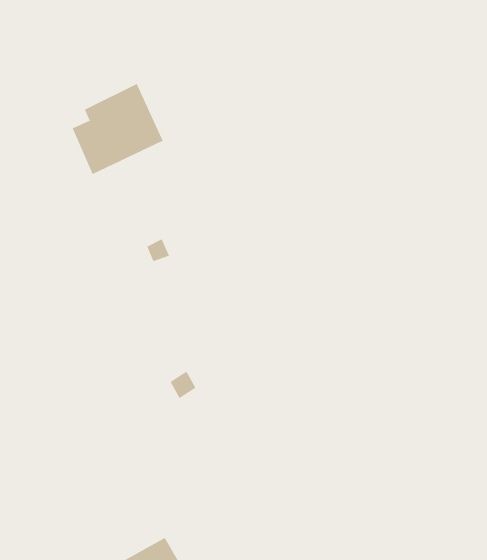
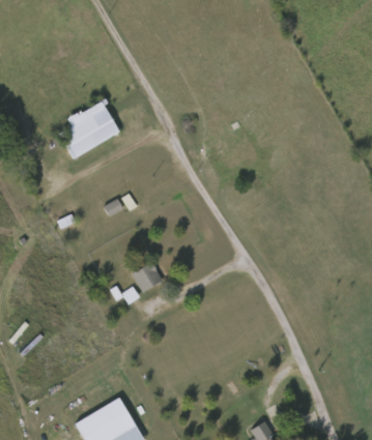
building: none -> [133,263,164,293]

